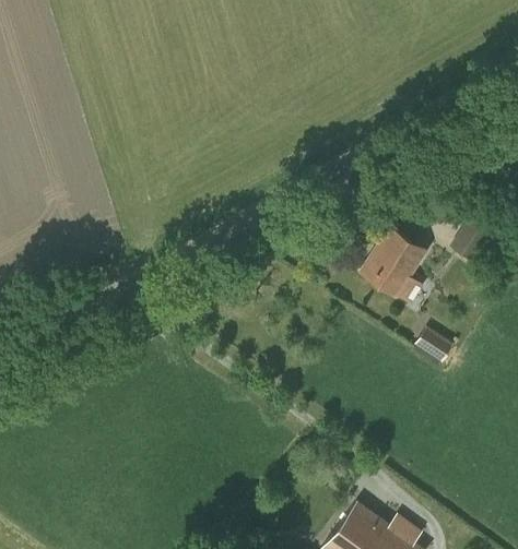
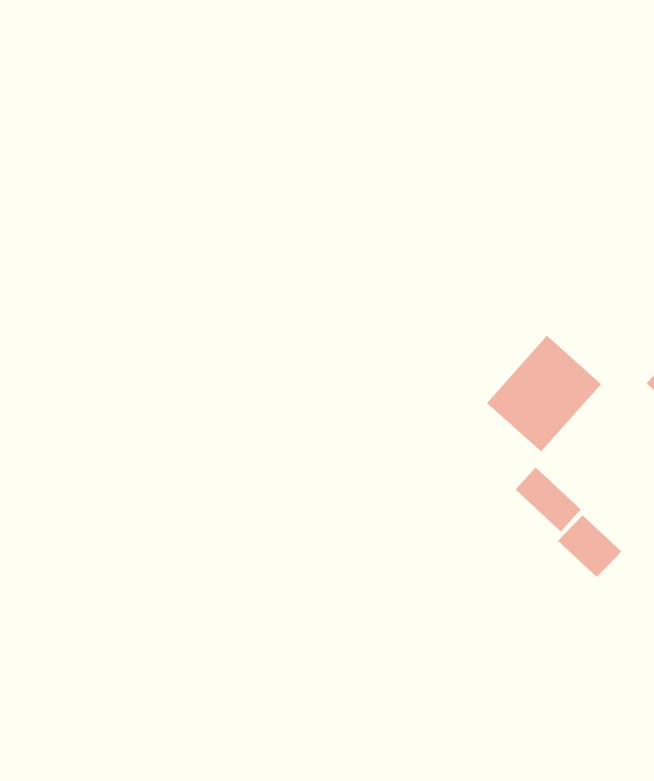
building: none -> [515,467,581,532]

